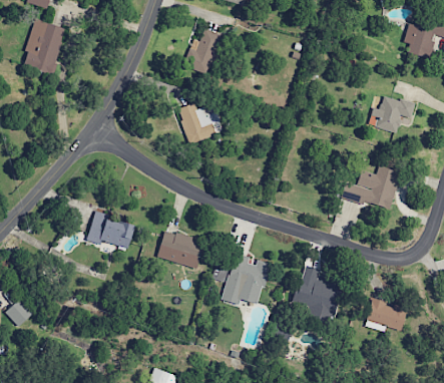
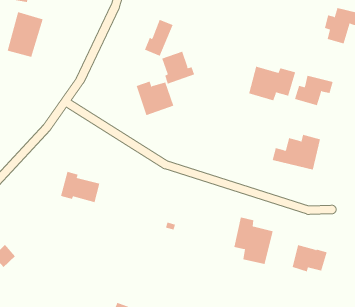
building: none -> [162,51,195,84]
building: none -> [249,66,296,101]
building: [156,231,204,269] -> none
building: [223,254,269,305] -> none

